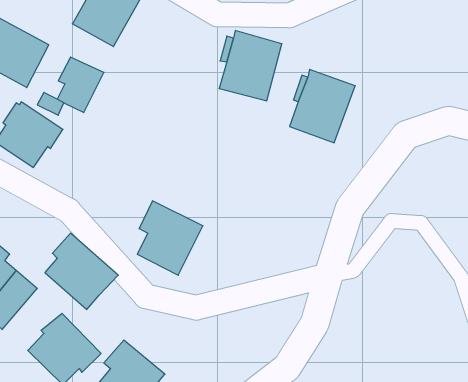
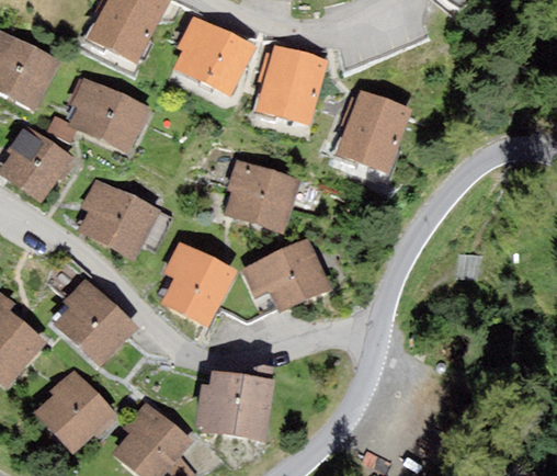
building: none -> [172,14,255,94]
building: none -> [100,92,150,151]
building: none -> [225,159,302,231]
building: none -> [77,178,160,261]
building: none -> [240,236,332,313]
building: none -> [195,369,275,441]

